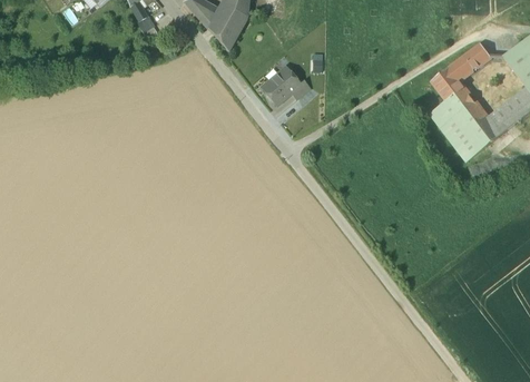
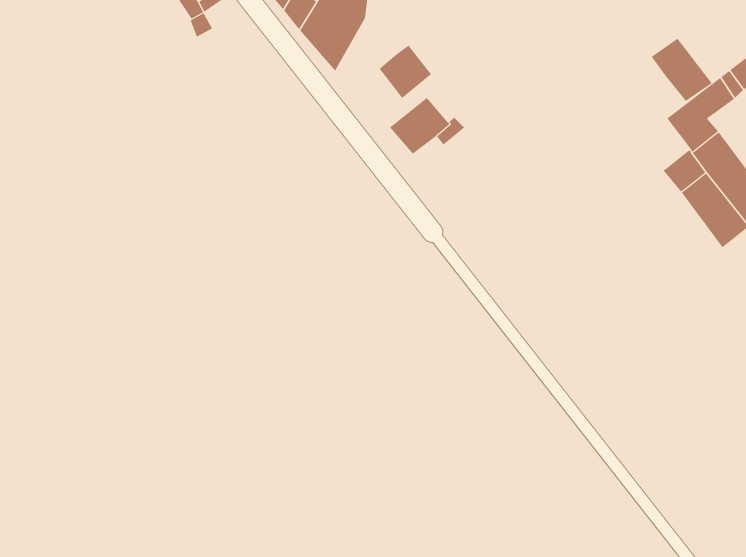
building: none -> [651,38,712,102]
building: none -> [379,44,432,99]

